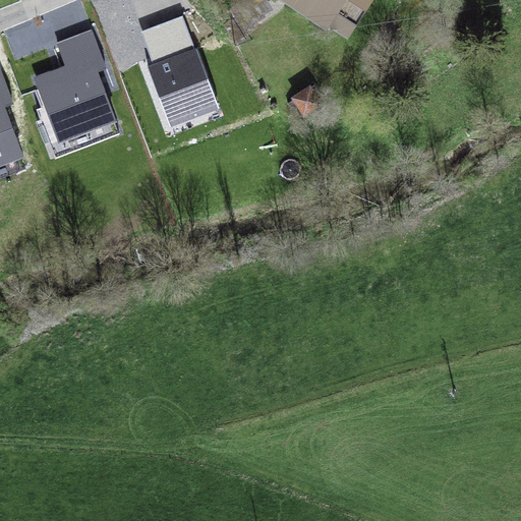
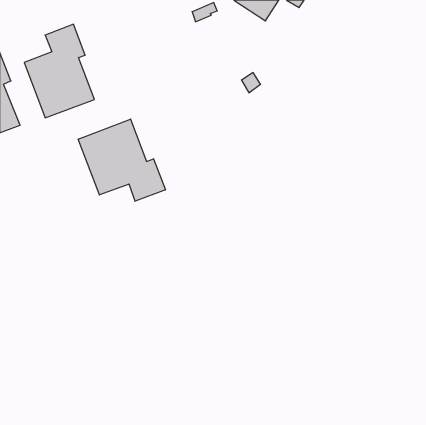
building: [141,14,218,124] -> none
building: none -> [78,119,165,201]

